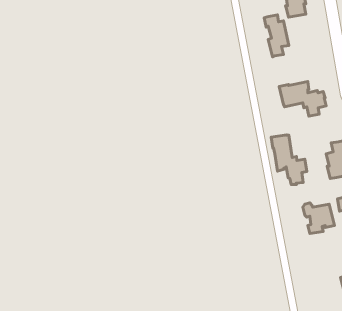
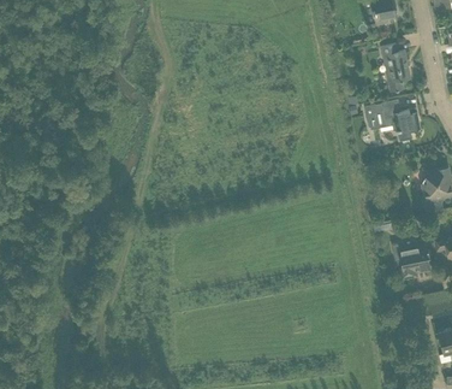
building: [264,15,289,57] -> [381,42,410,92]
building: [271,135,307,184] -> none

